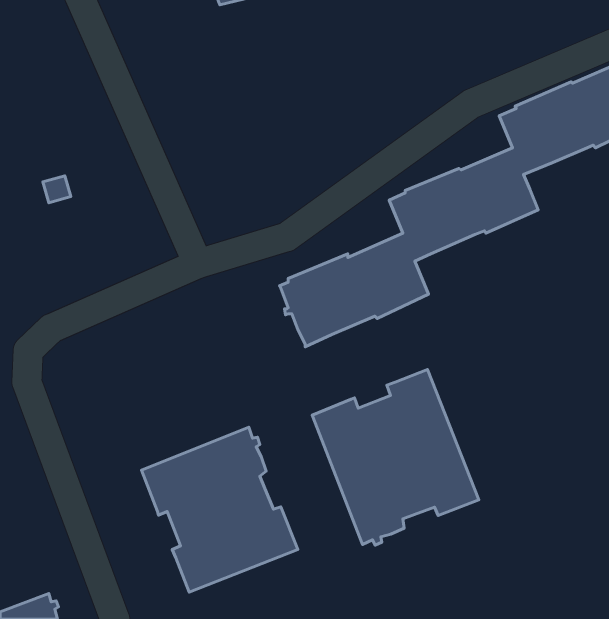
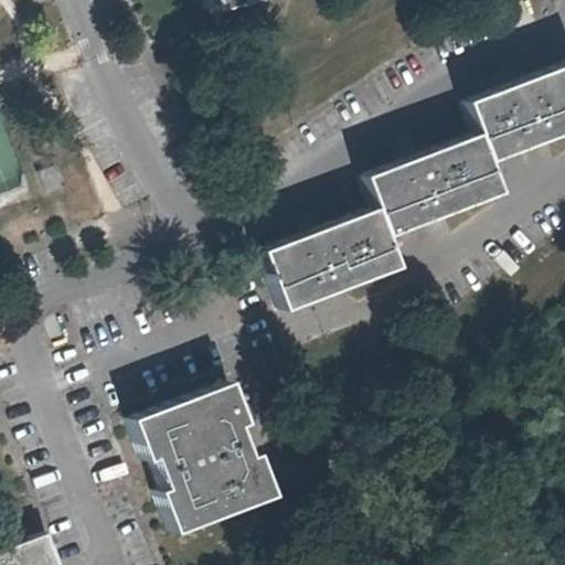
building: [312,369,479,545] -> none

